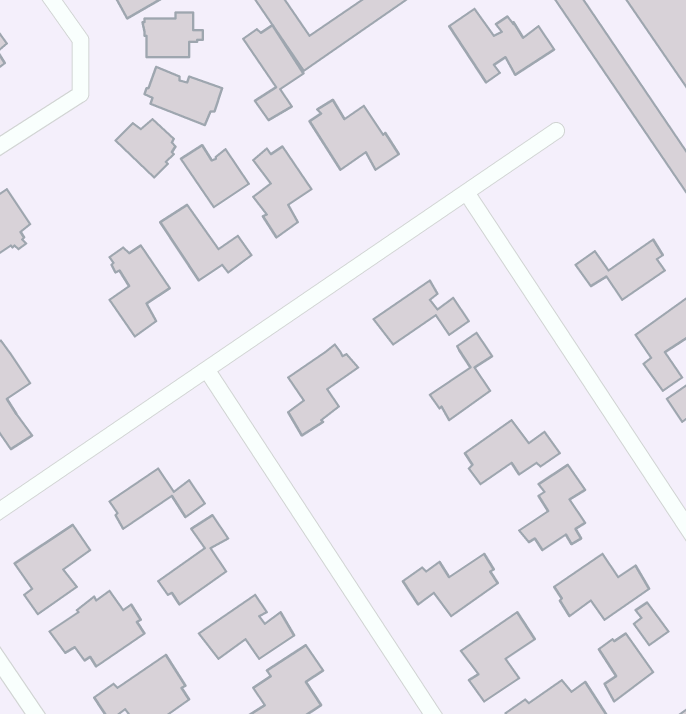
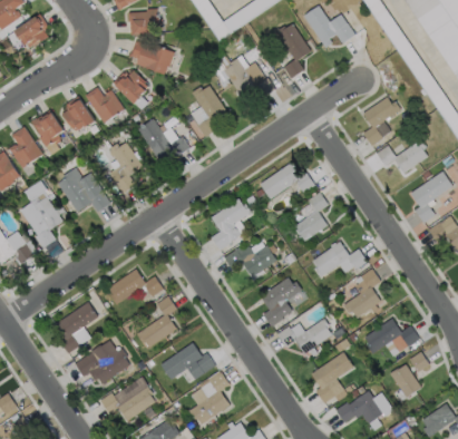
building: [243,25,303,120] -> [276,23,311,78]
building: [181,145,249,207] -> [86,87,125,123]
building: none -> [61,95,95,130]
building: none -> [363,97,400,146]
building: none -> [58,167,111,212]
building: none -> [223,241,276,276]
building: none -> [261,277,308,326]

